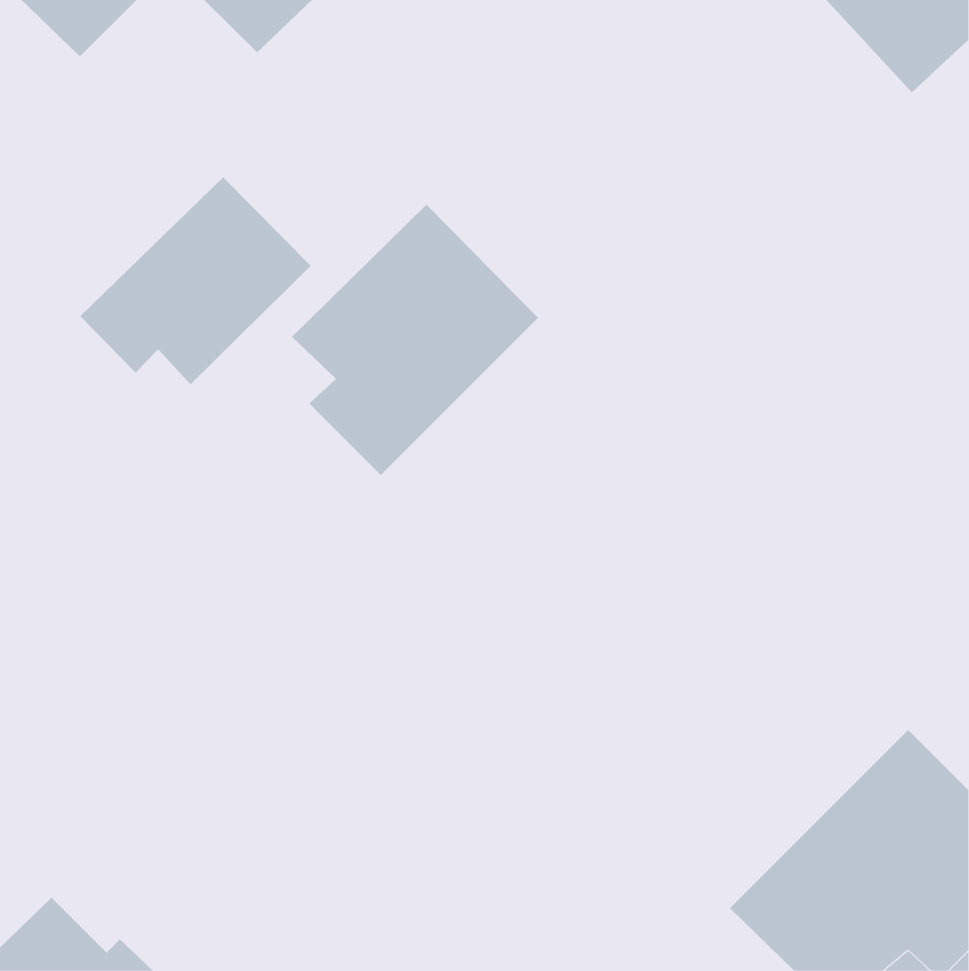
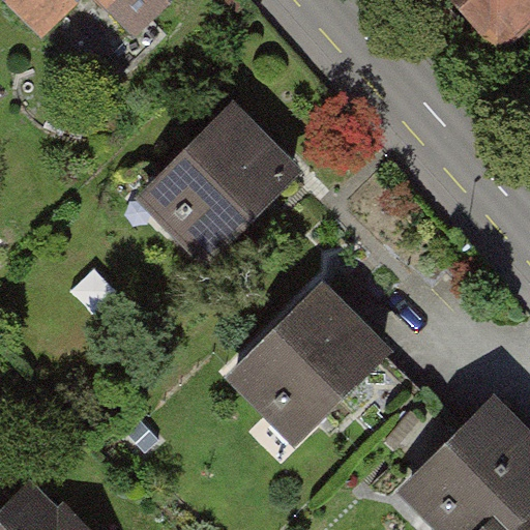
building: [80,176,311,385] -> none
building: none -> [228,282,392,445]

